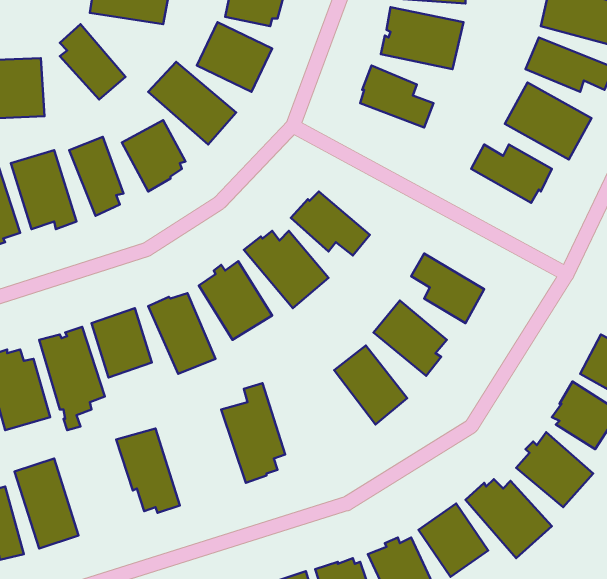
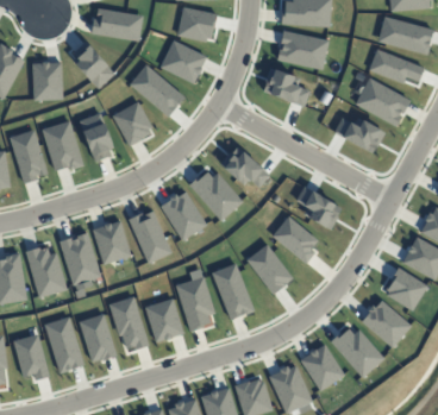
building: none -> [211,263,255,319]
building: none -> [144,297,183,341]
building: none -> [79,313,117,361]

